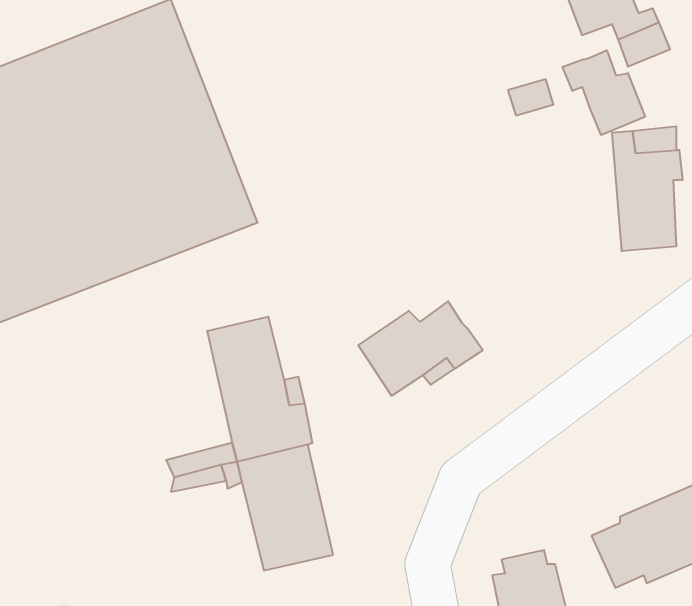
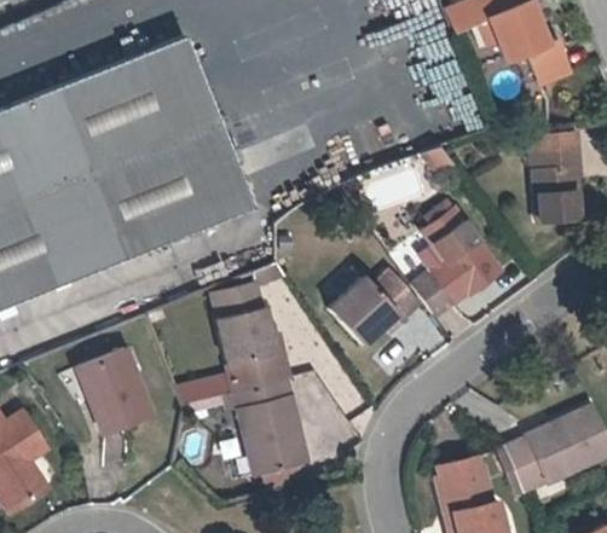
building: [563,50,645,135] -> none
building: none -> [412,210,502,320]
building: none -> [81,347,155,430]

